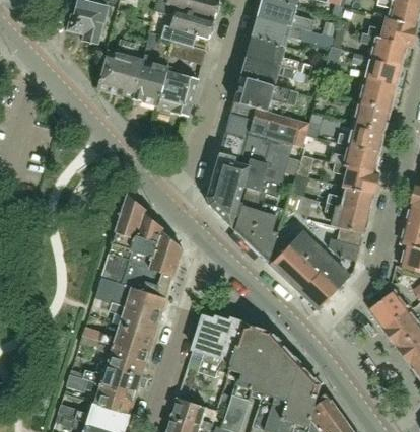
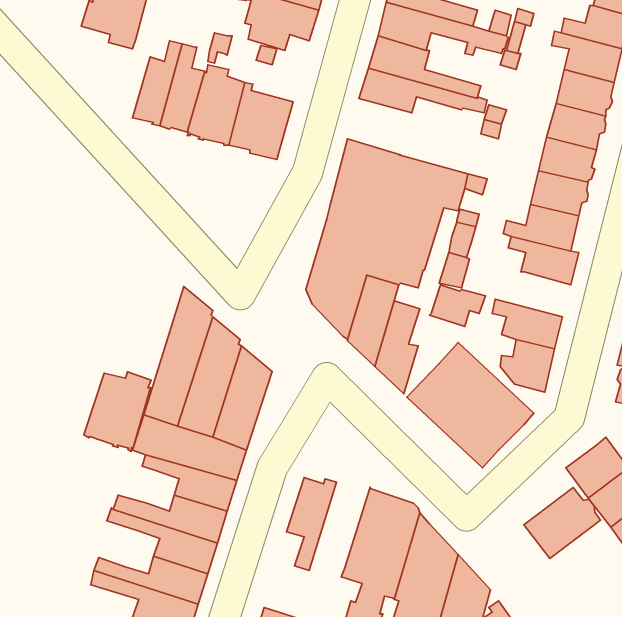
building: [231,76,295,112] -> none
building: [325,186,372,214] -> none
building: none -> [84,372,151,451]
building: [203,318,246,391] -> none
building: none -> [524,488,601,558]

